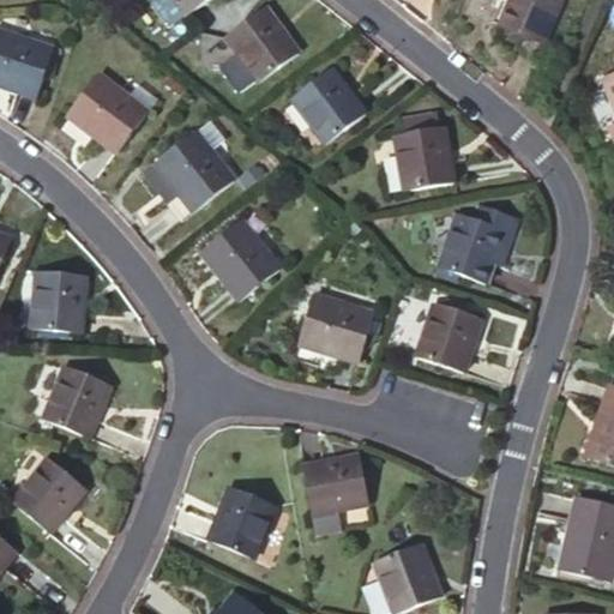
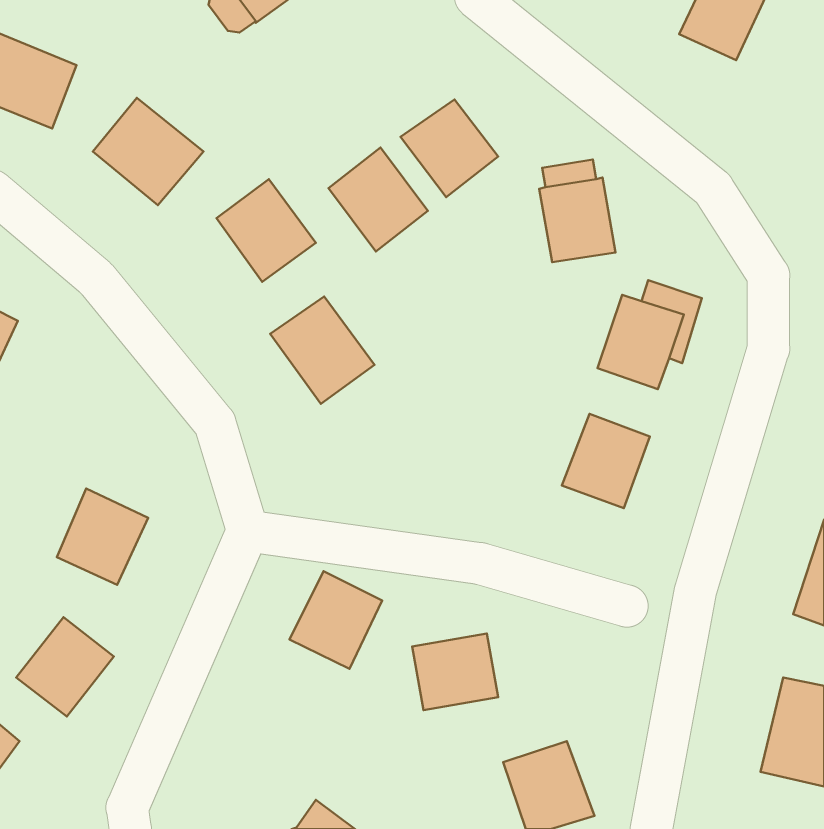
building: [229,10,302,86] -> [328,147,428,252]
building: [31,267,85,329] -> none
building: [296,295,369,361] -> none
building: [207,489,276,561] -> [289,571,382,669]

